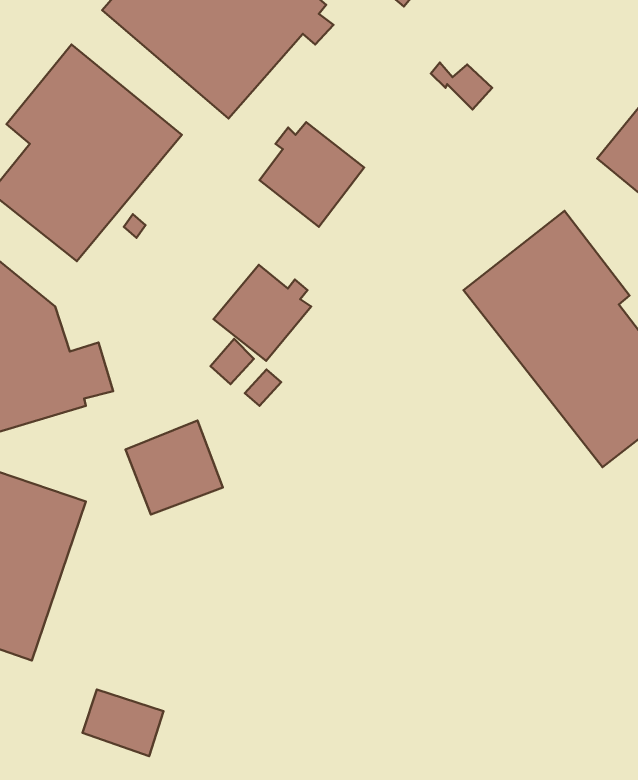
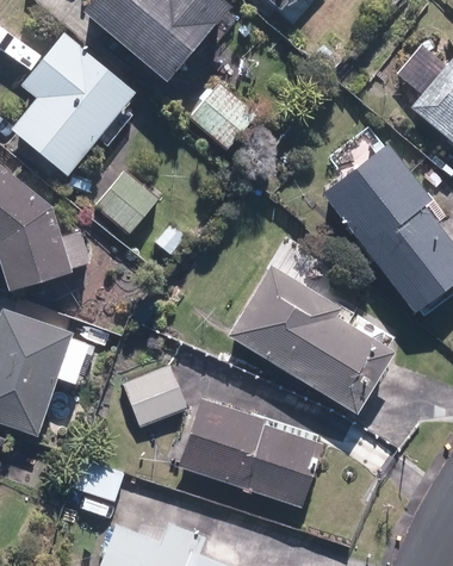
building: [214,265,311,361] -> [94,170,159,234]
building: none -> [228,263,393,412]
building: [125,421,223,515] -> [122,365,186,427]
building: none -> [178,398,322,506]

